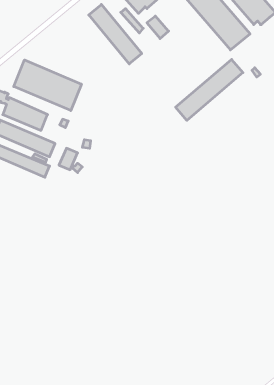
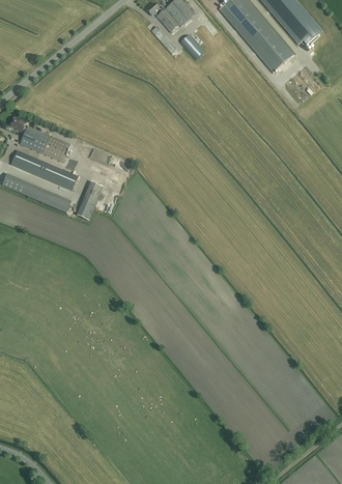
building: [89,4,142,64] -> none
building: [176,59,243,120] -> none
building: [14,60,81,111] -> none

